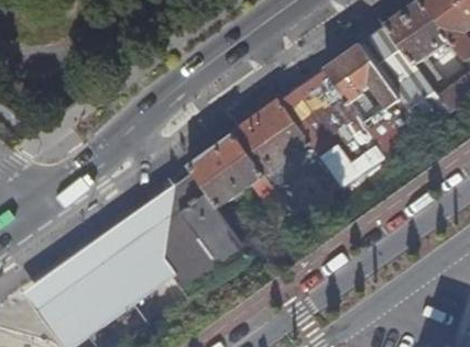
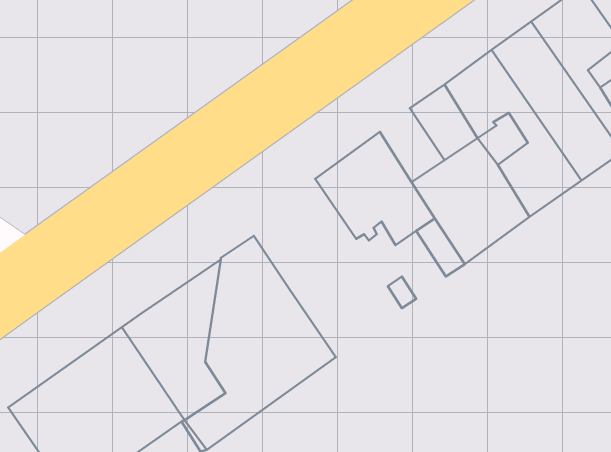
building: [285,79,330,131] -> none
building: [193,128,282,204] -> none

